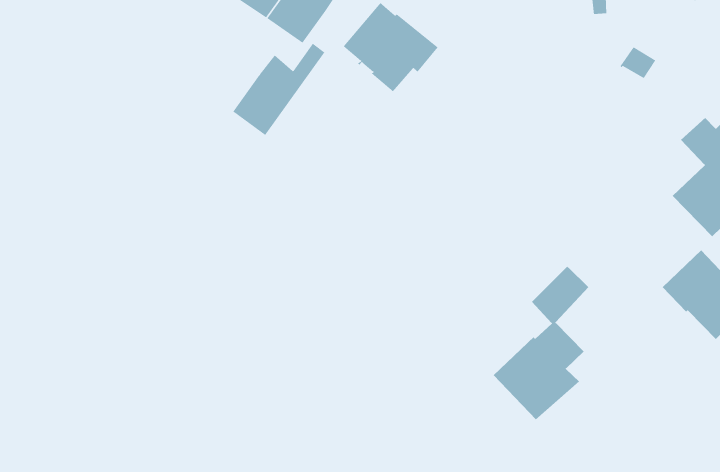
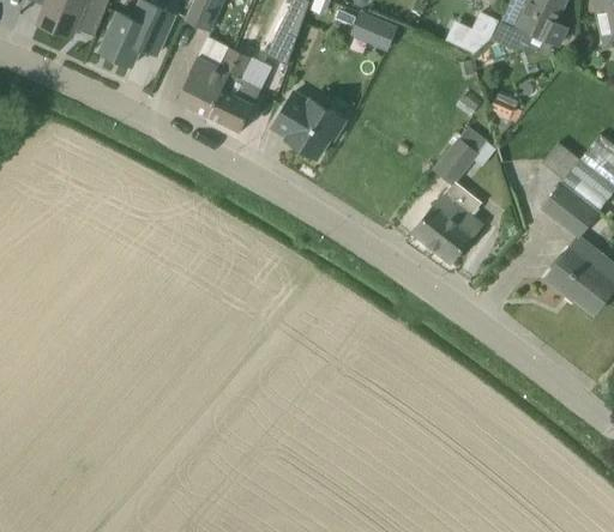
building: [233,43,325,136] -> none
building: [493,265,589,420] -> [413,137,481,260]

